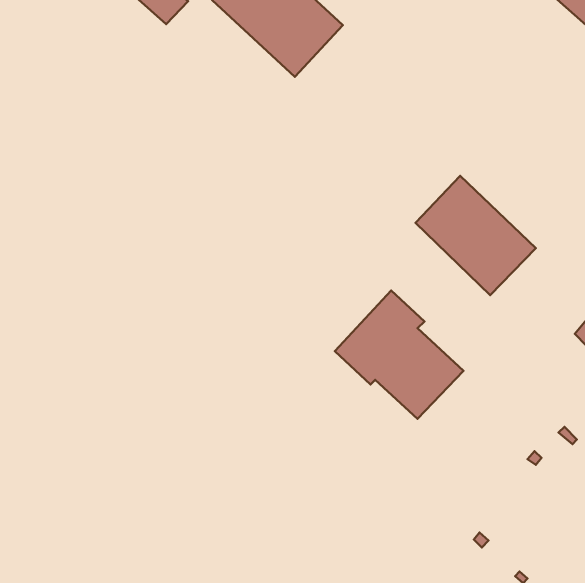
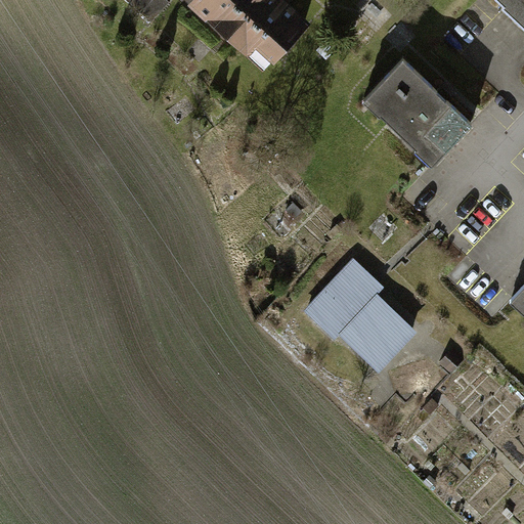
building: [416,176,536,295] -> [365,57,473,164]

